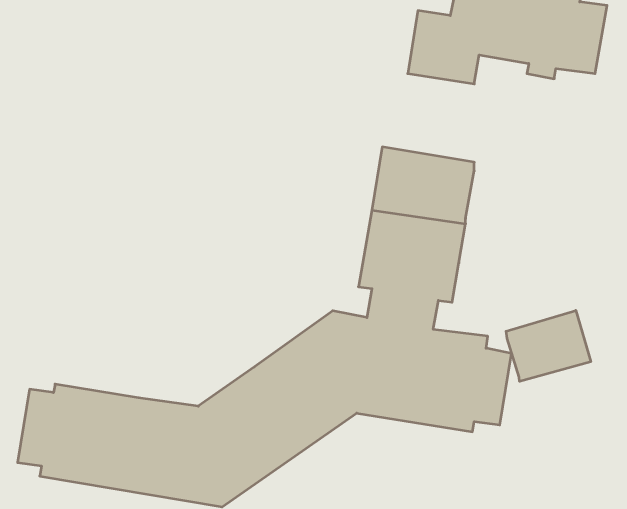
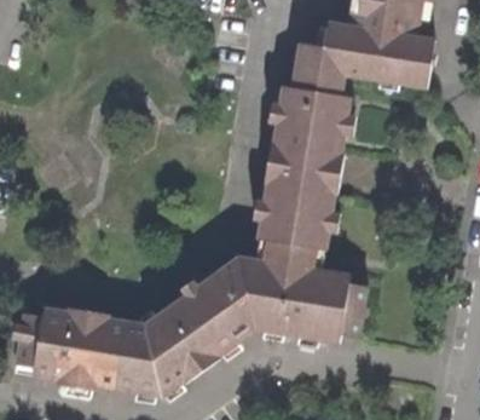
building: none -> [274,86,349,150]
building: [506,310,591,381] -> none

